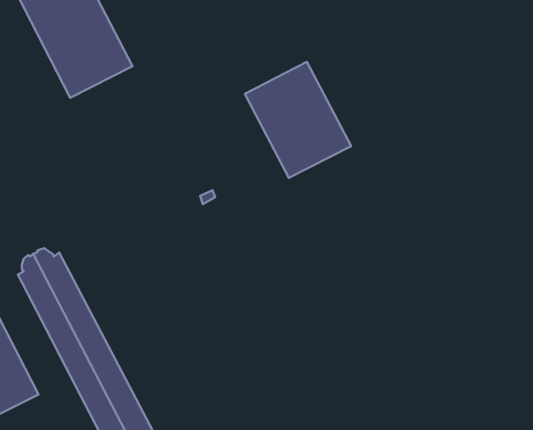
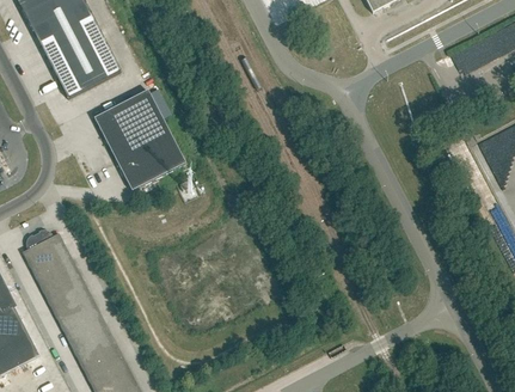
building: [245,62,351,178] -> [93,88,185,189]

